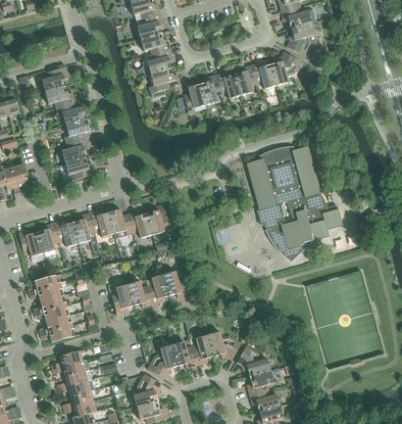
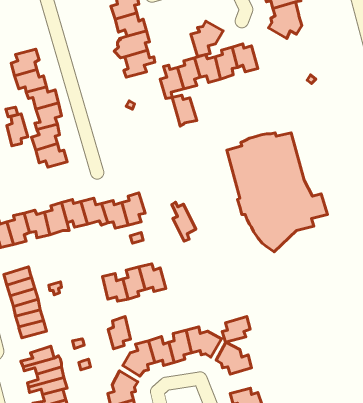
building: [269,51,300,85] -> [191,21,223,57]
building: none -> [172,95,197,126]
building: none -> [7,114,28,146]
building: none -> [172,202,196,241]
building: [111,283,133,314] -> [108,317,131,349]
building: [246,370,272,394] -> [222,316,250,342]

